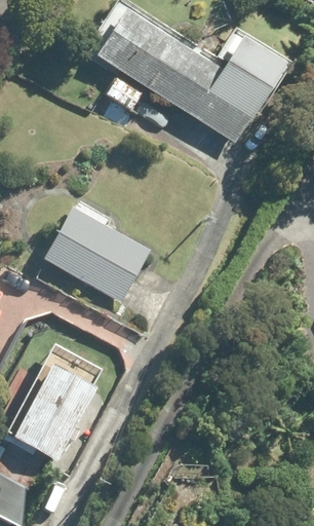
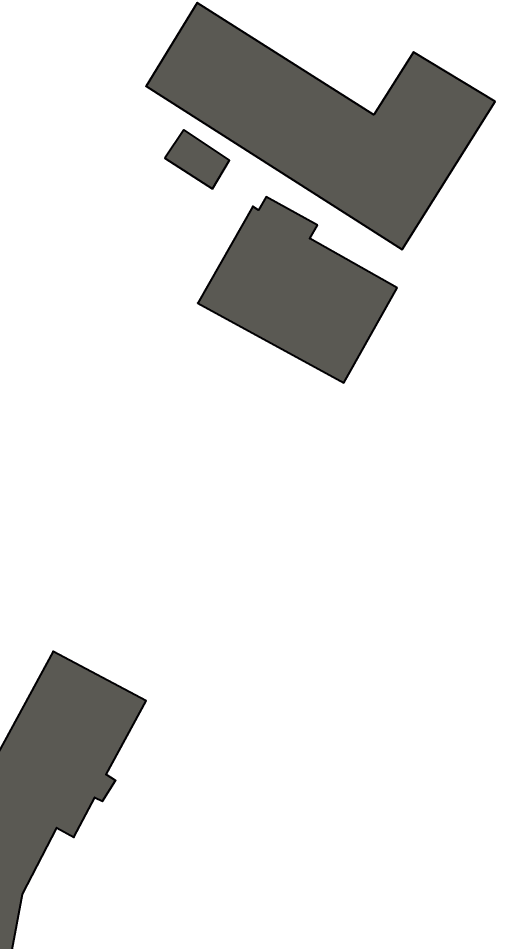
building: [44,201,152,302] -> [198,197,397,383]

